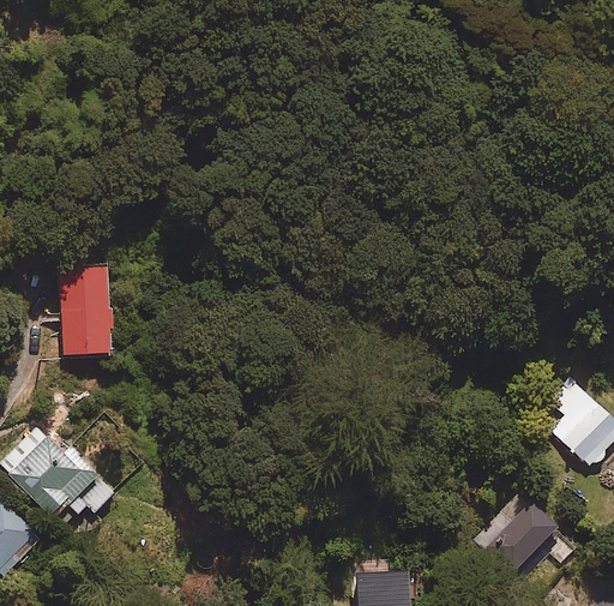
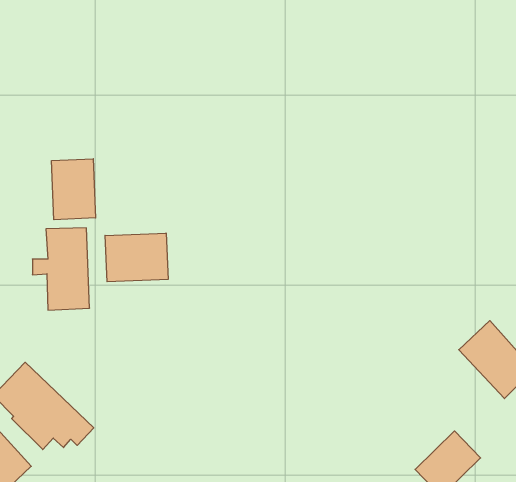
building: none -> [52,159,96,220]
building: none -> [105,233,168,282]

